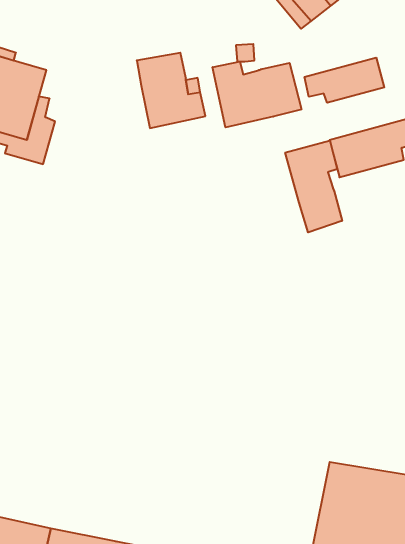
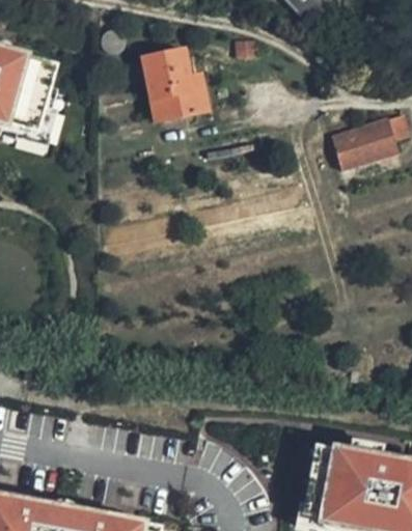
building: [305,58,384,103] -> none
building: [213,62,301,127] -> none
building: [285,141,342,232] -> none

